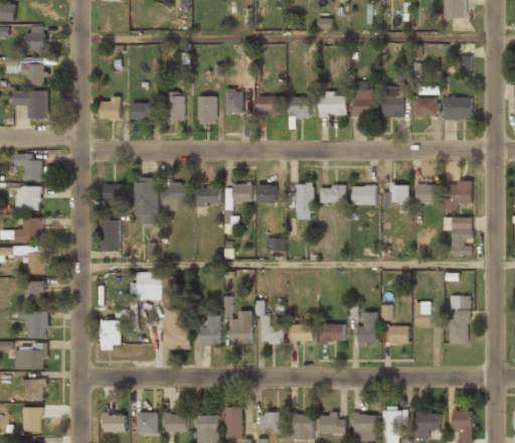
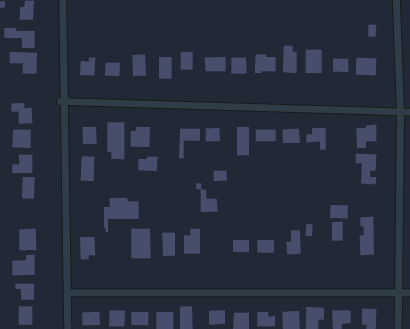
building: [415,184,441,203] -> none
building: [194,185,220,204] -> [137,156,158,171]
building: [24,281,43,305] -> none
building: [254,306,284,343] -> [195,183,218,213]
building: [384,325,408,343] -> [329,204,348,219]

